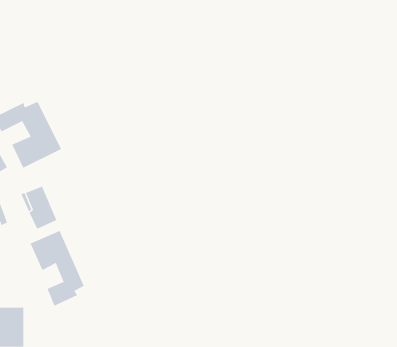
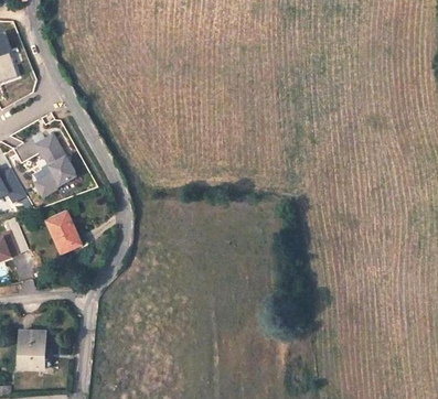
building: [30,230,84,306] -> none

